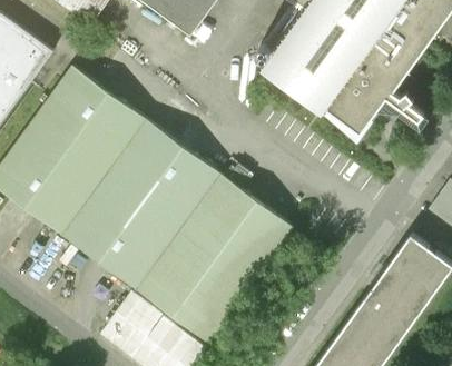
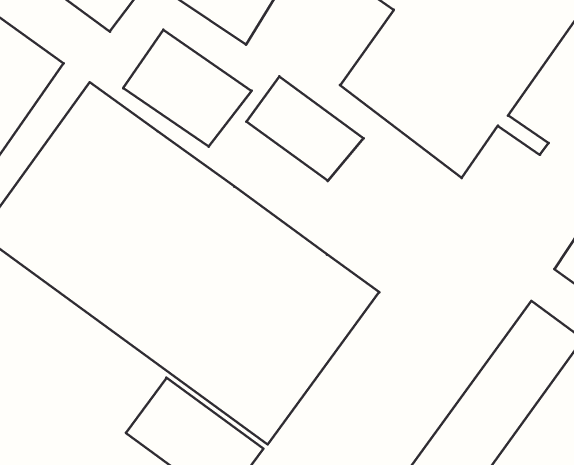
building: none -> [123,30,252,147]
building: none -> [246,76,364,181]

